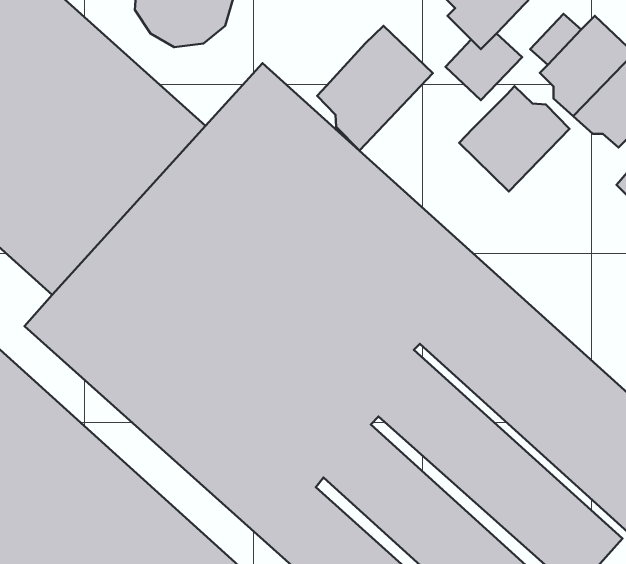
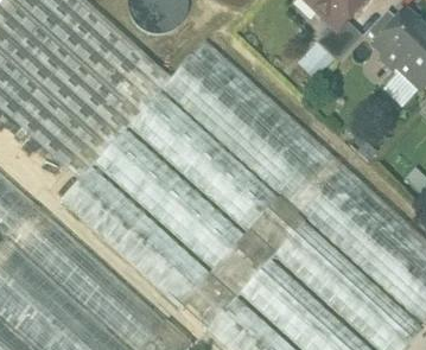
building: [317,26,433,151] -> none
building: [459,86,570,192] -> none

